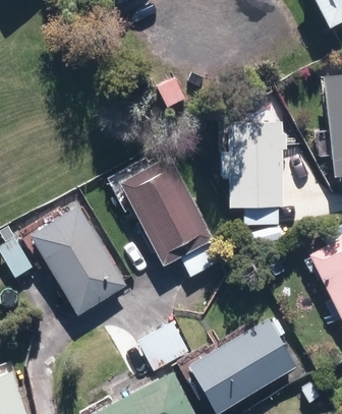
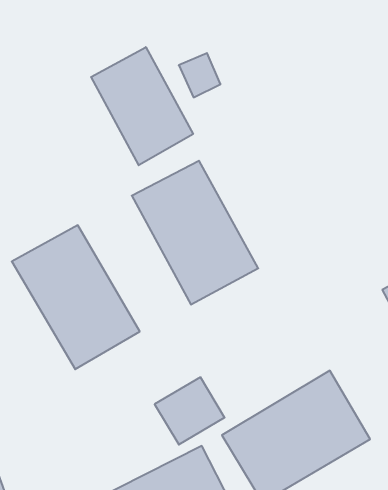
building: none -> [91,47,193,165]
building: [222,107,293,223] -> none

